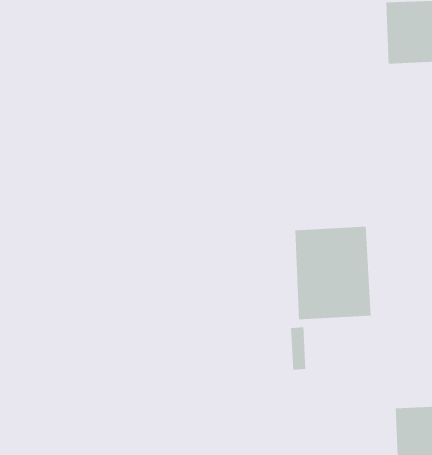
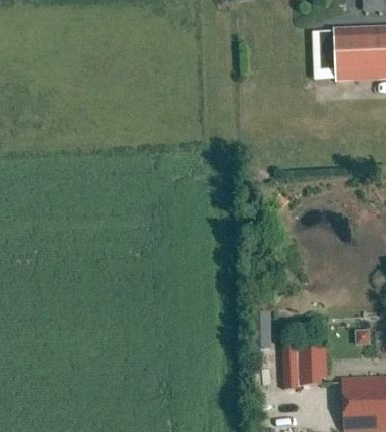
building: [295,226,372,320] -> none
building: none -> [282,346,328,388]

